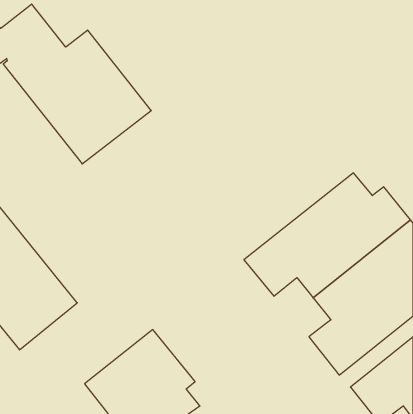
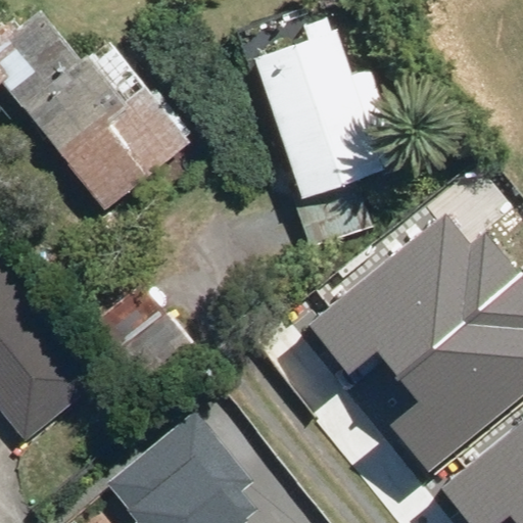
building: none -> [254,13,401,196]

